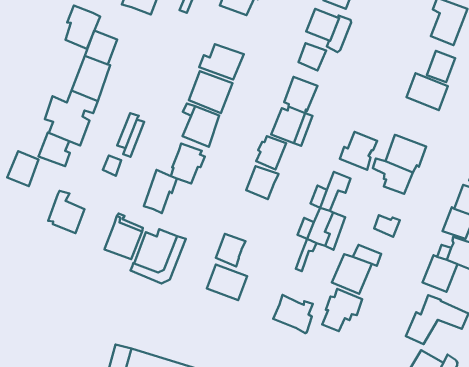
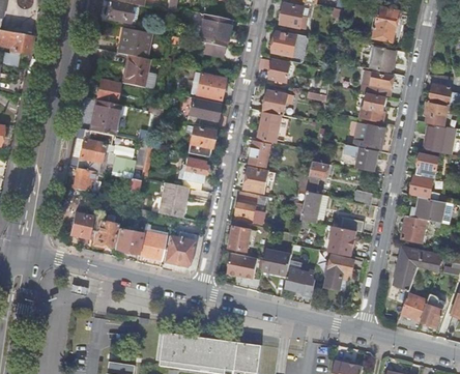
building: [65,6,100,49] -> [123,55,149,88]
building: [340,132,377,170] -> [358,93,386,122]
building: [7,151,38,186] -> [69,212,92,239]
building: none -> [235,191,265,224]
building: none -> [114,229,142,254]
building: none -> [262,249,291,276]

